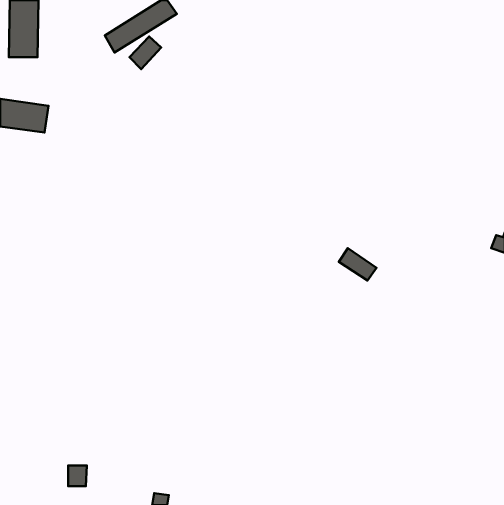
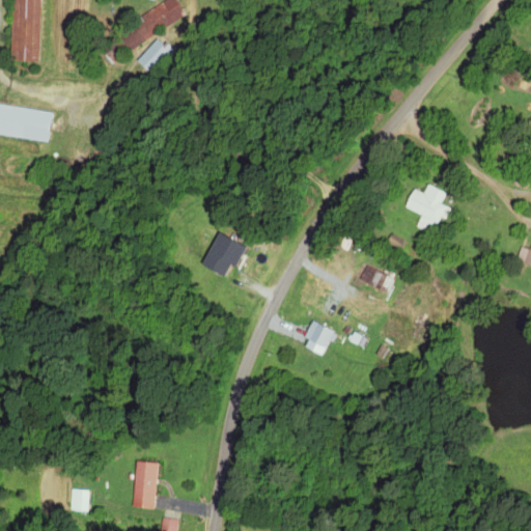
building: none -> [402,185,446,233]
building: none -> [200,232,246,276]
building: none -> [302,322,337,355]
building: none -> [133,462,157,507]

